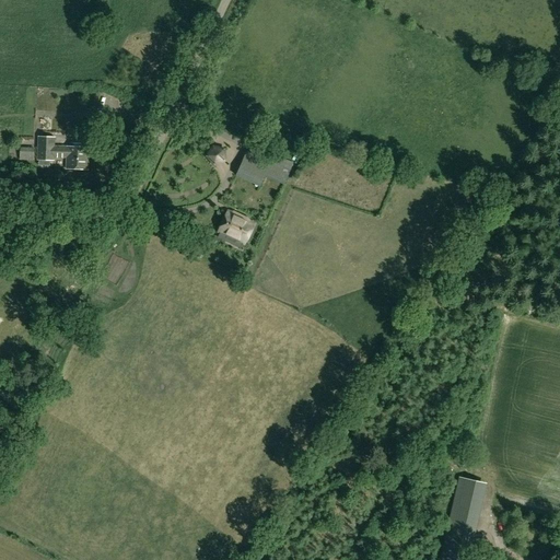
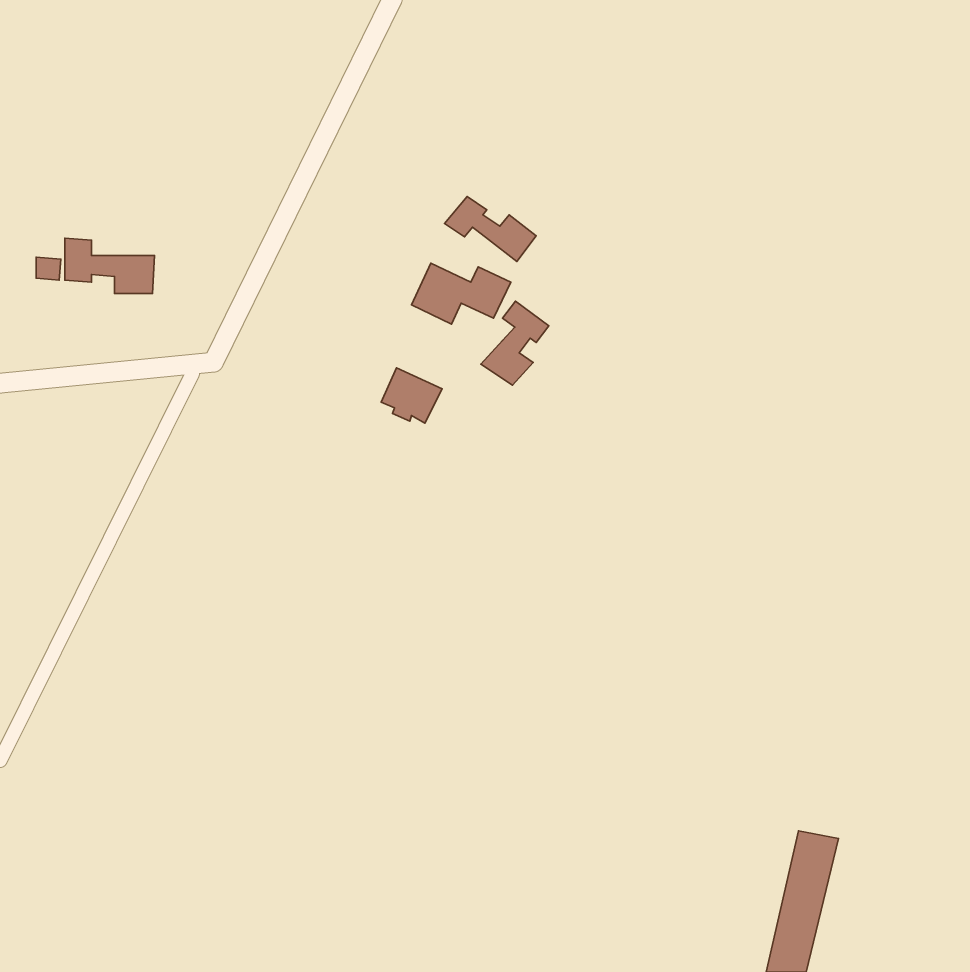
building: none -> [445,196,536,262]
building: none -> [481,301,549,385]

